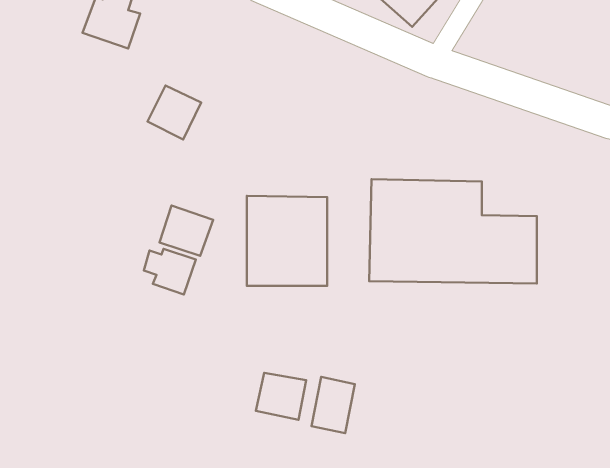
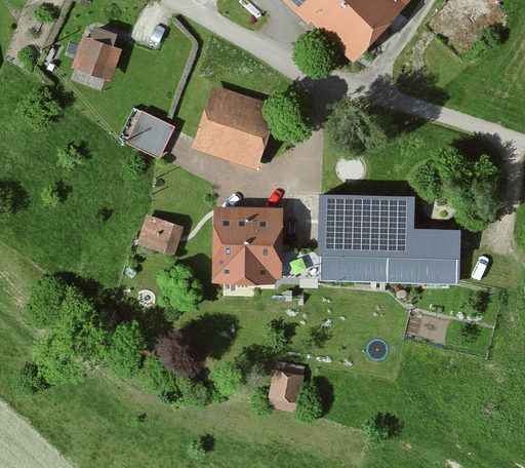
building: none -> [192,84,280,170]
building: [144,249,196,294] -> none
building: [256,373,306,420] -> none

